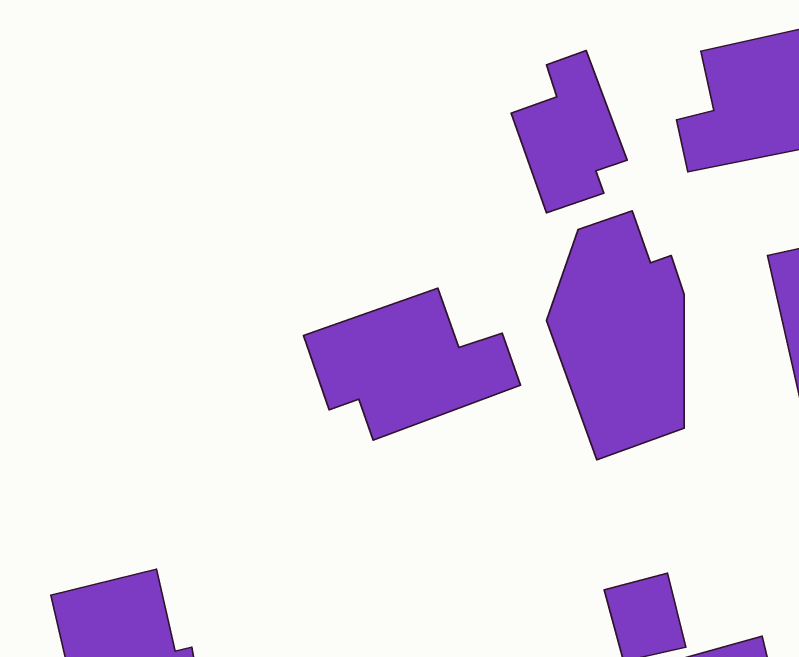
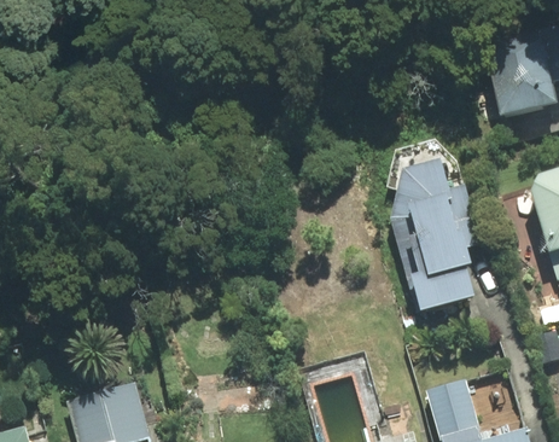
building: [511,50,627,213] -> none
building: [303,288,521,440] -> none

